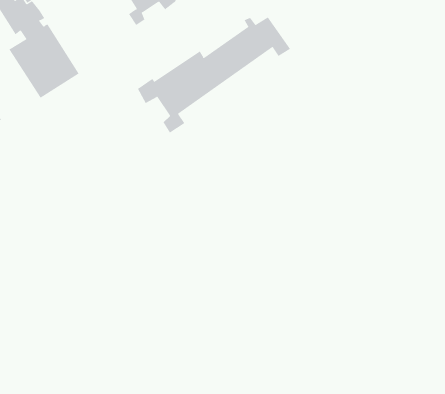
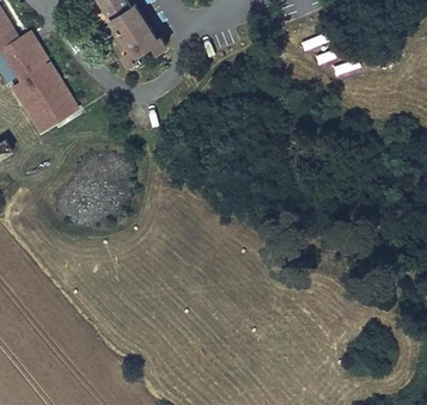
building: [137,17,291,133] -> none

